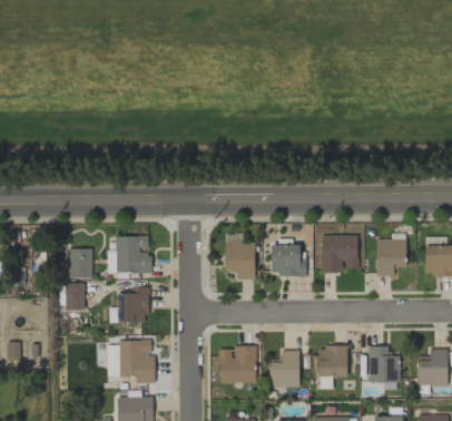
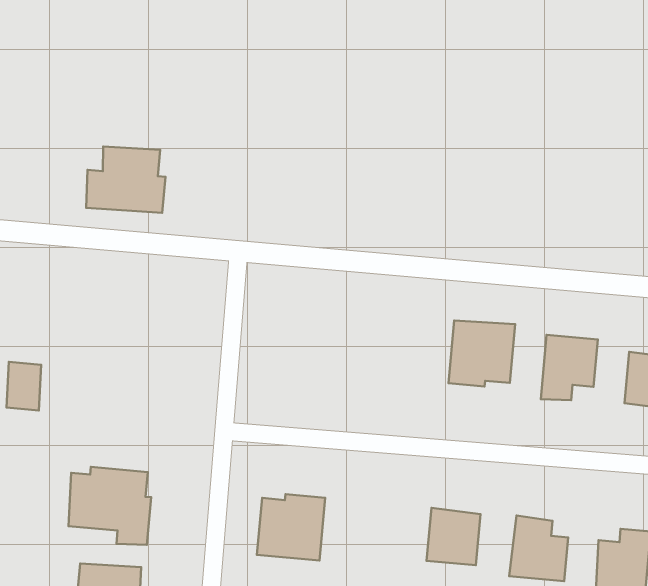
building: [107,235,153,273] -> [86,146,165,213]
building: [225,241,255,280] -> none
building: [271,244,304,275] -> none
building: [68,248,92,277] -> none
building: [118,286,148,322] -> none
building: [269,350,299,388] -> none

